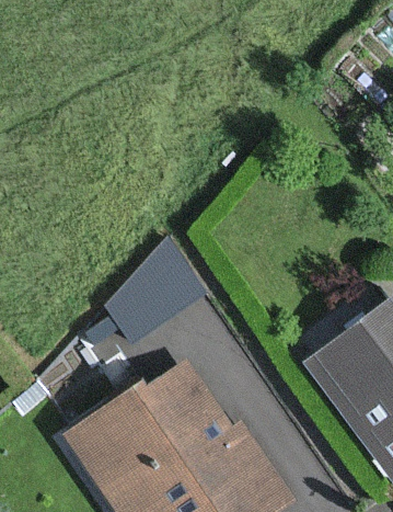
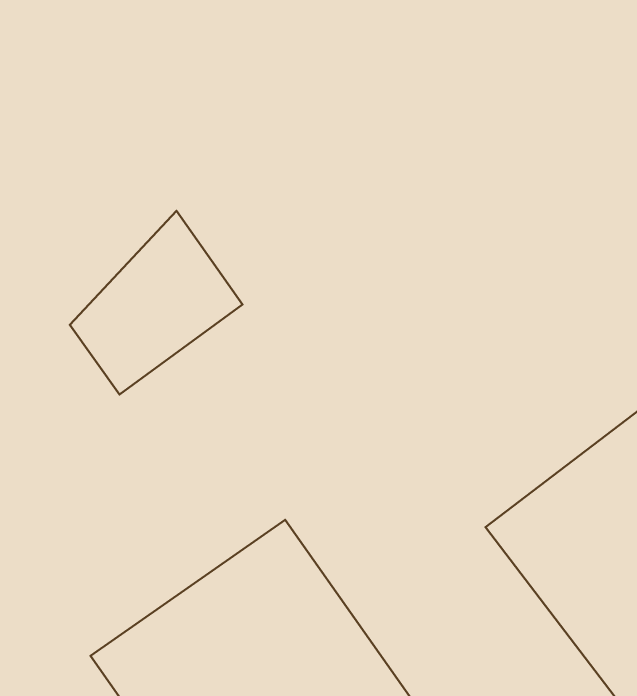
building: [105,236,208,345] -> [70,211,243,395]

